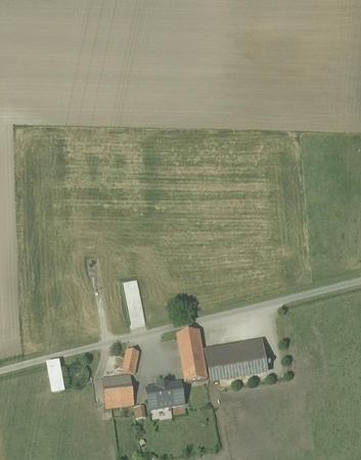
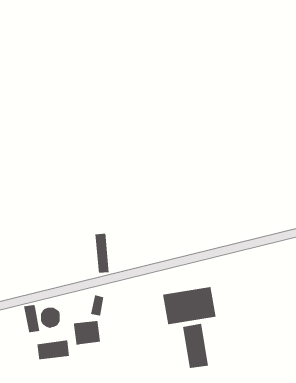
building: [177,327,208,379] -> [182,323,209,369]
building: [146,380,185,407] -> none
building: none -> [37,340,70,360]

